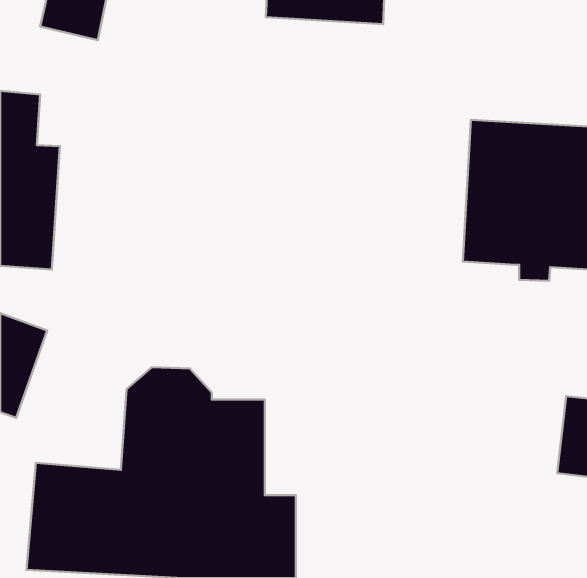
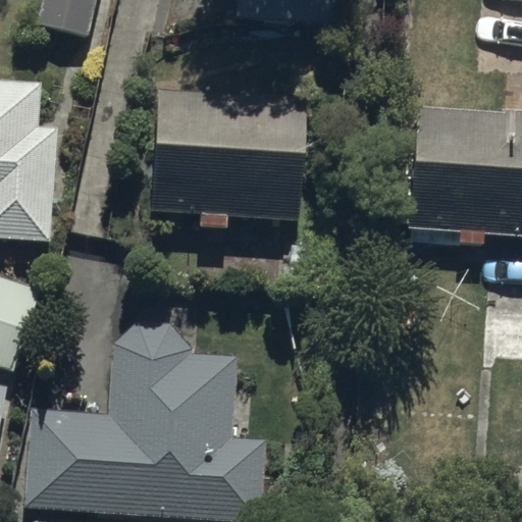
building: none -> [151,89,307,220]

